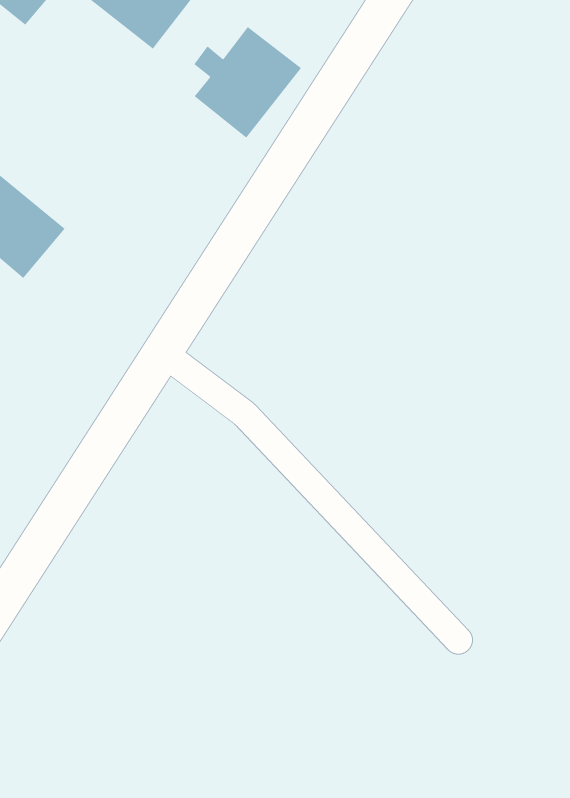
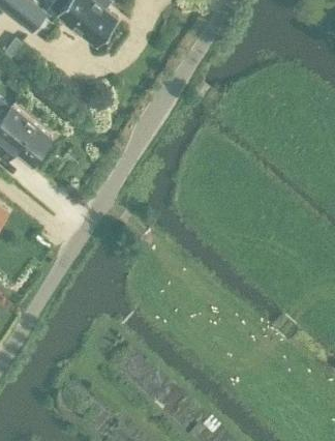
building: [194,26,302,138] -> none

